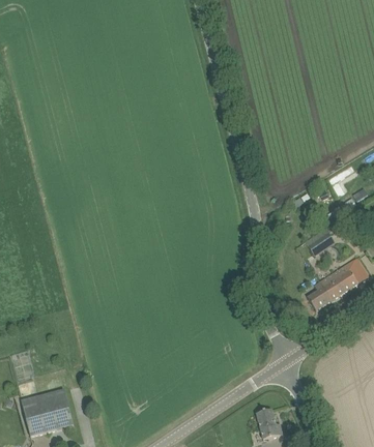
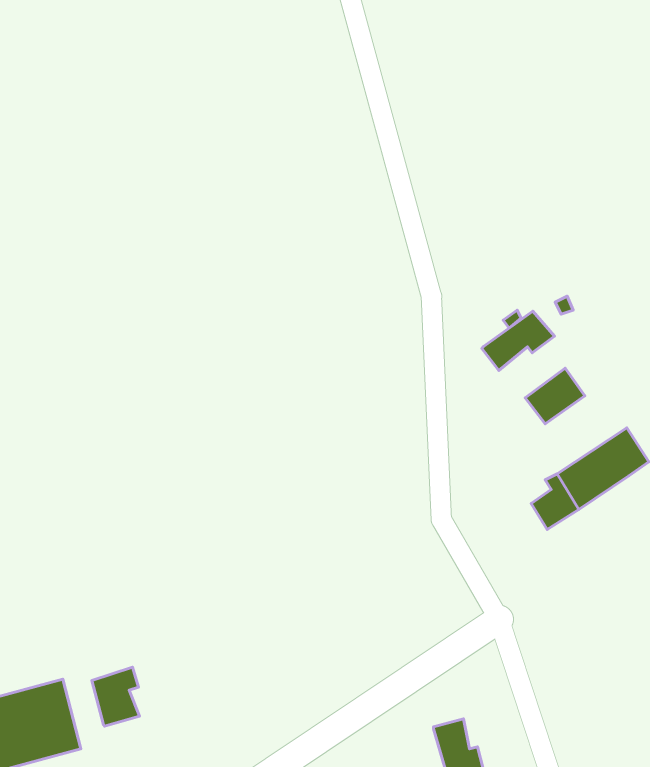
building: none -> [482,311,555,370]
building: none -> [92,667,139,726]

